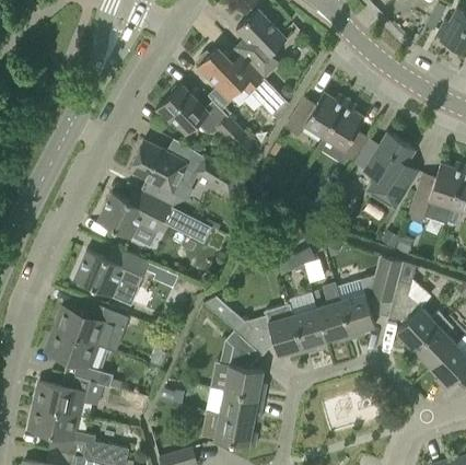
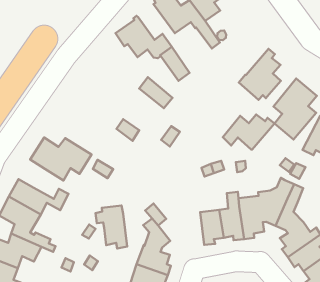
building: [287,93,348,137] -> [223,115,275,150]
building: [129,141,188,194] -> none
building: [97,188,171,239] -> none
building: [259,304,304,358] -> [96,205,127,248]

